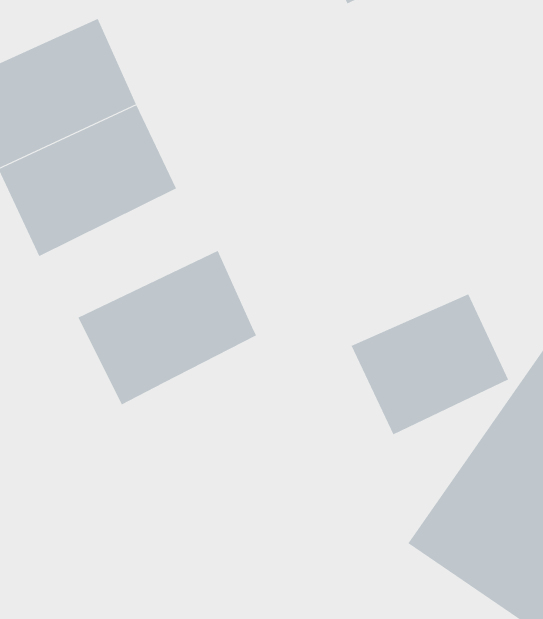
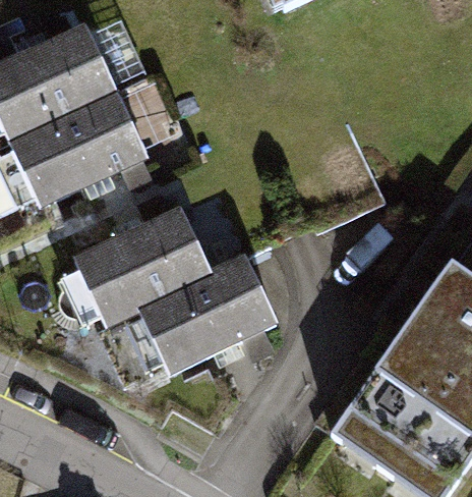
building: [351,293,509,435] -> none
building: none -> [138,252,278,375]

